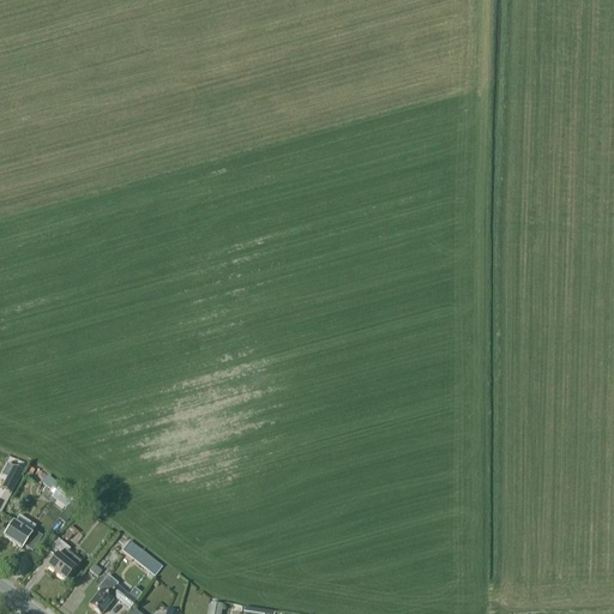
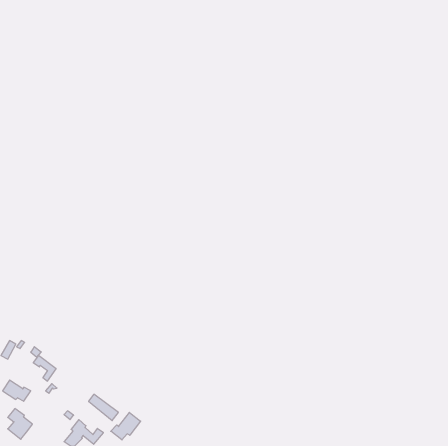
building: [47,536,80,578] -> [8,409,32,439]
building: none -> [111,412,141,440]

